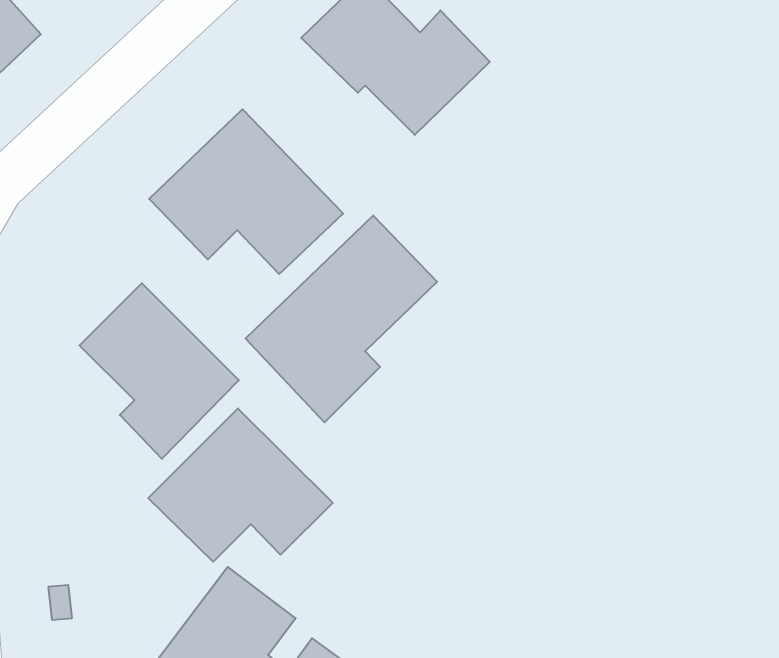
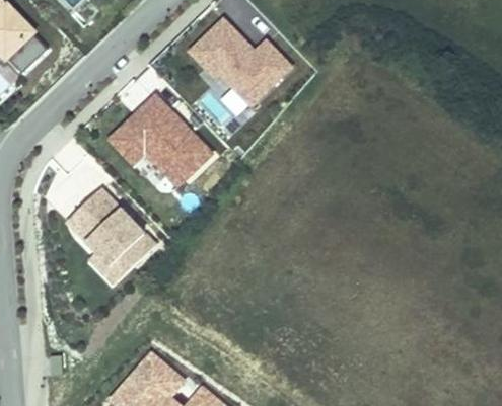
building: [246,215,437,422] -> none
building: [148,408,333,562] -> none

